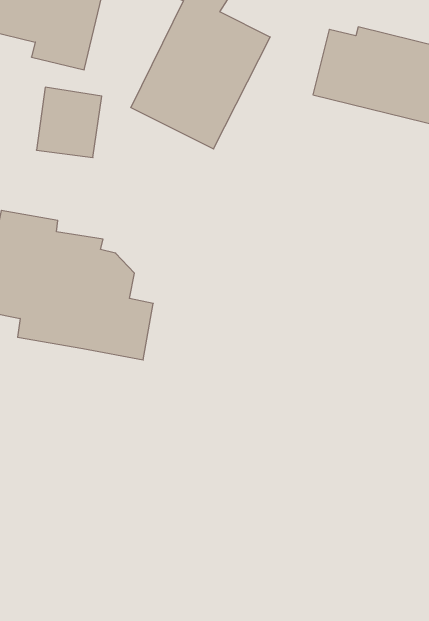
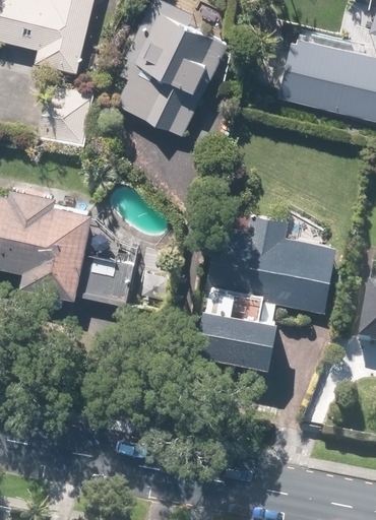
building: none -> [194,221,336,371]

